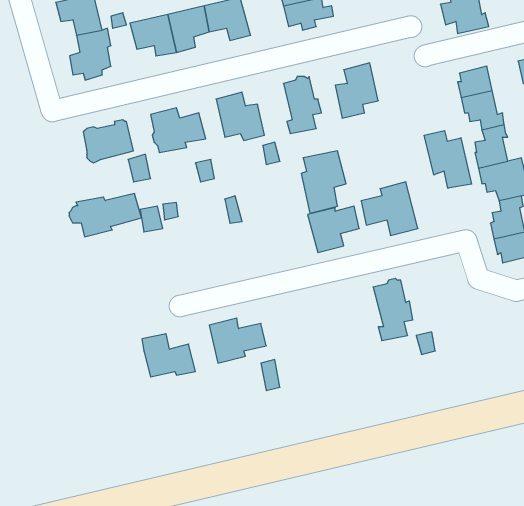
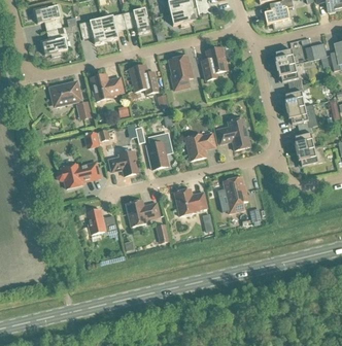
building: [424,131,472,188] -> none
building: [301,151,346,213] -> [146,132,173,169]
building: [69,194,142,237] -> [57,162,100,187]
building: none -> [108,150,139,175]
building: none -> [174,187,207,215]

